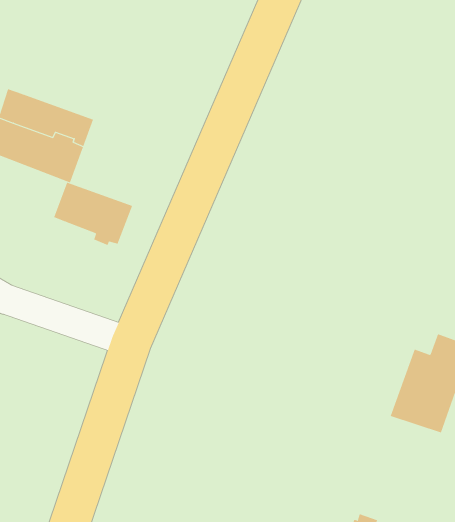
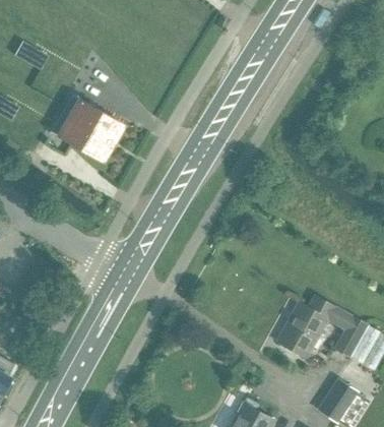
building: [53,182,133,246] -> none

